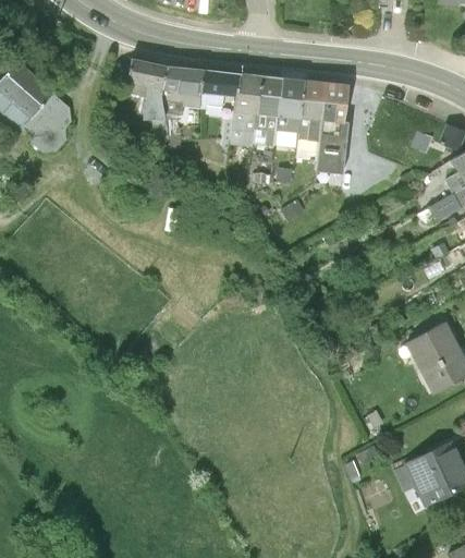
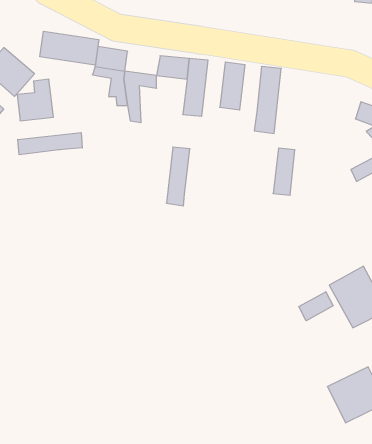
building: none -> [40,31,99,65]
building: [158,63,200,93] -> none
building: [250,74,279,145] -> [166,147,190,206]
building: [296,80,322,136] -> [273,148,295,195]
building: none -> [18,133,82,155]
building: none -> [299,292,333,321]

